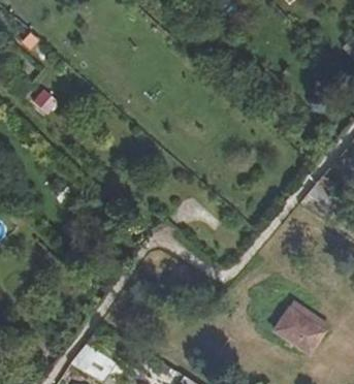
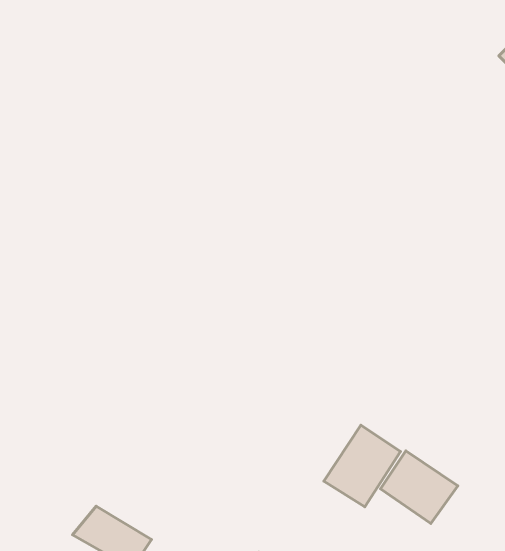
building: none -> [324,425,401,507]

